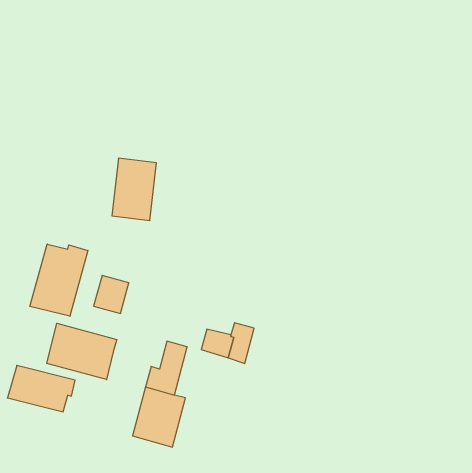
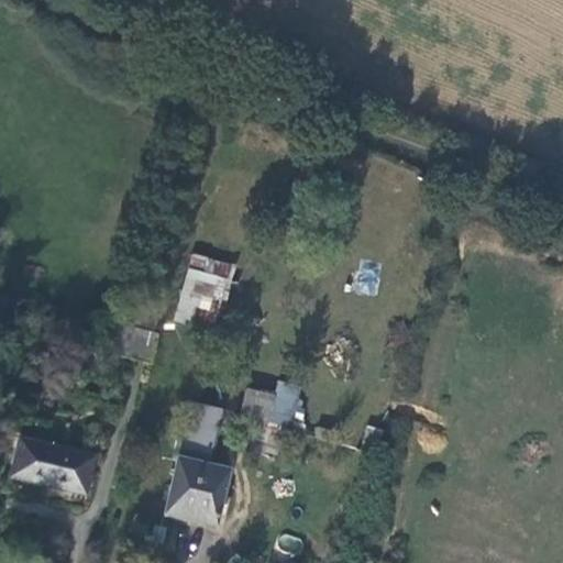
building: [112,158,156,220] -> [180,256,233,330]
building: [30,244,88,316] -> none
building: [47,323,117,380] -> none

